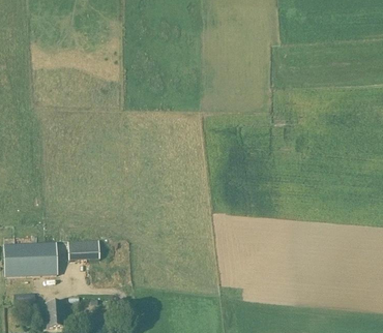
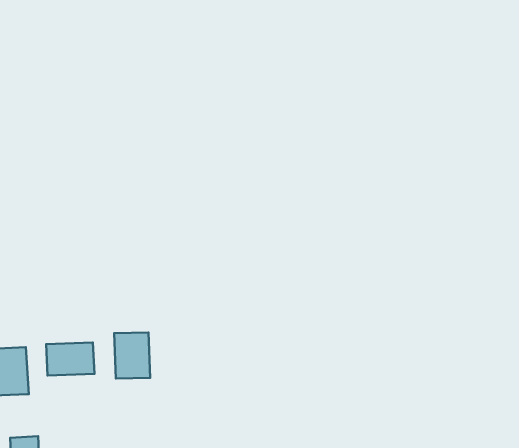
building: none -> [114,333,150,379]

